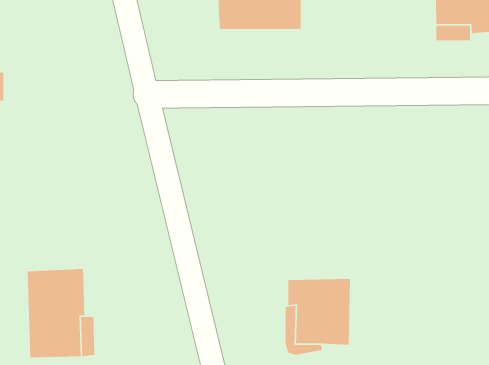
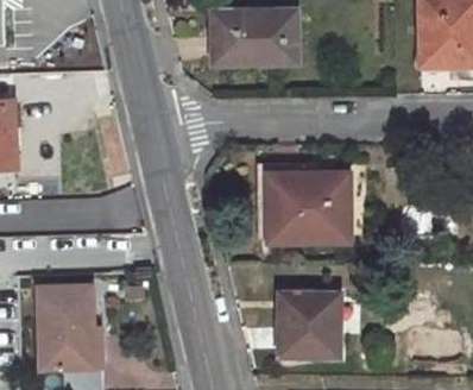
building: none -> [270,175,346,240]

